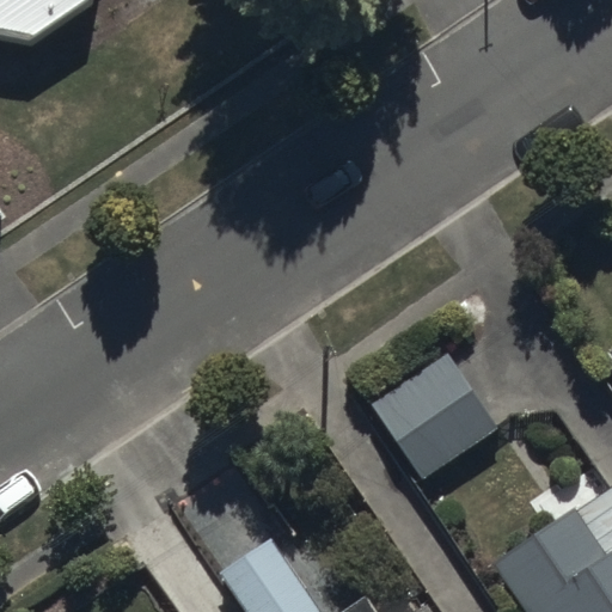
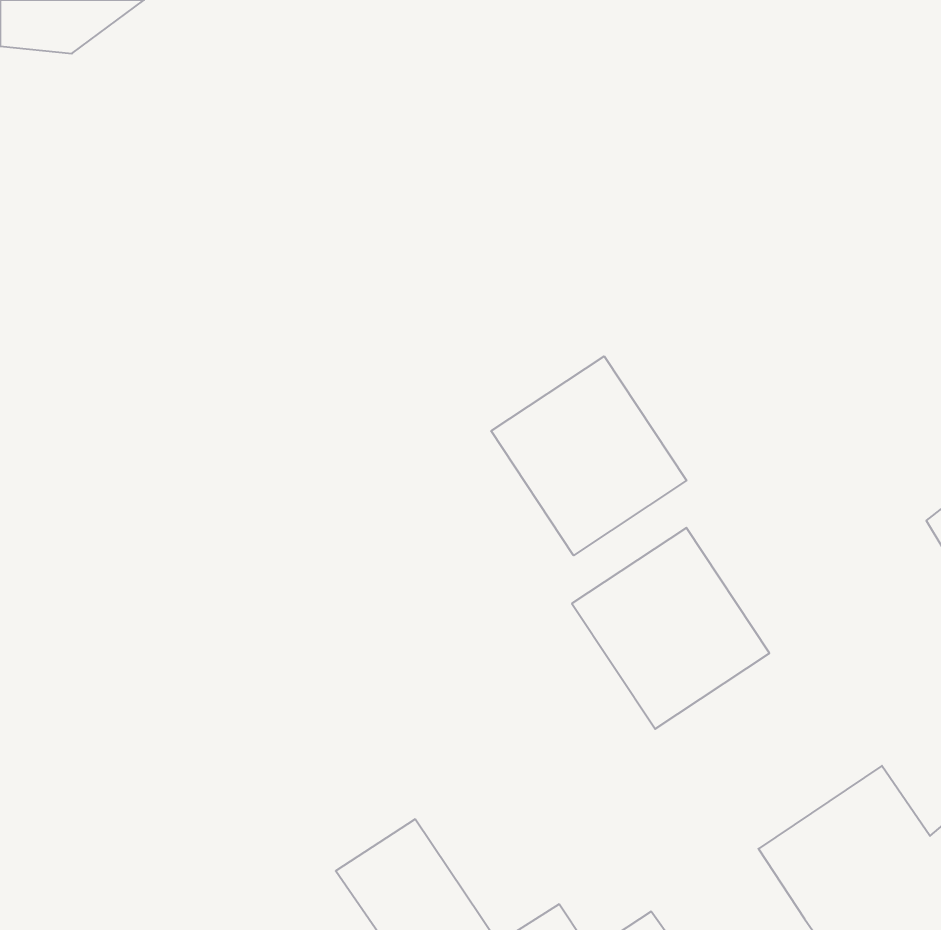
building: none -> [491,356,686,555]

